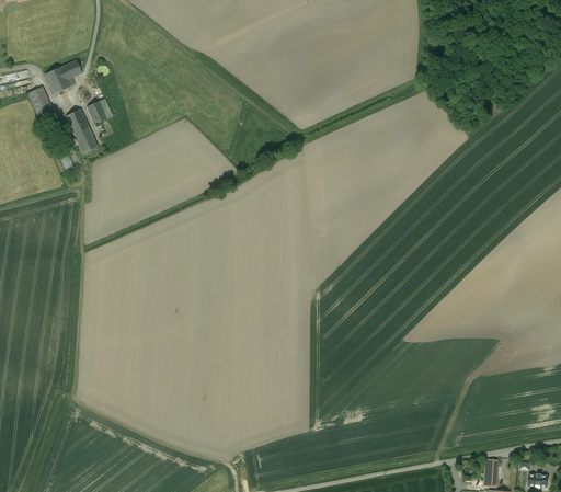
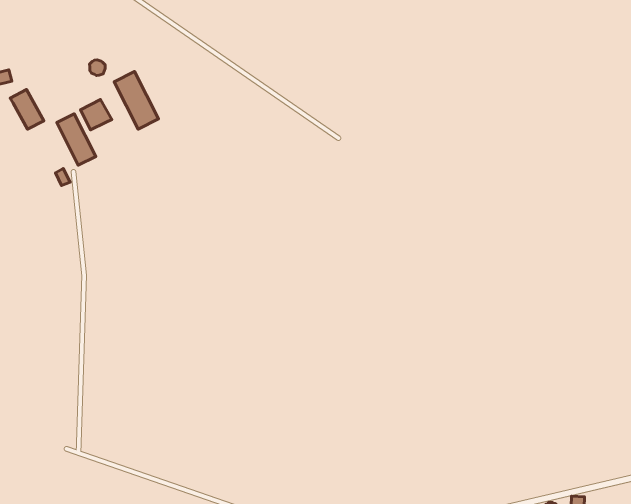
building: [45,60,82,94] -> none
building: none -> [114,71,158,129]

